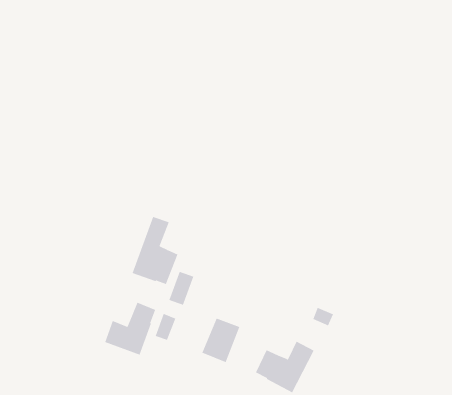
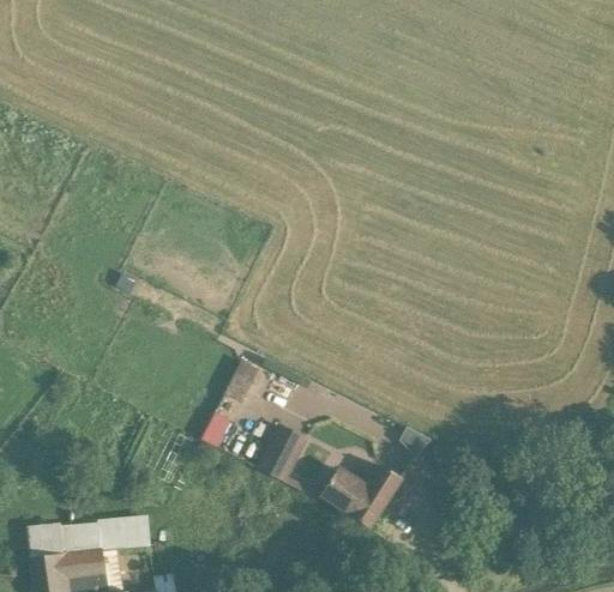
building: [132,216,178,285] -> none
building: [105,302,156,356] -> none

